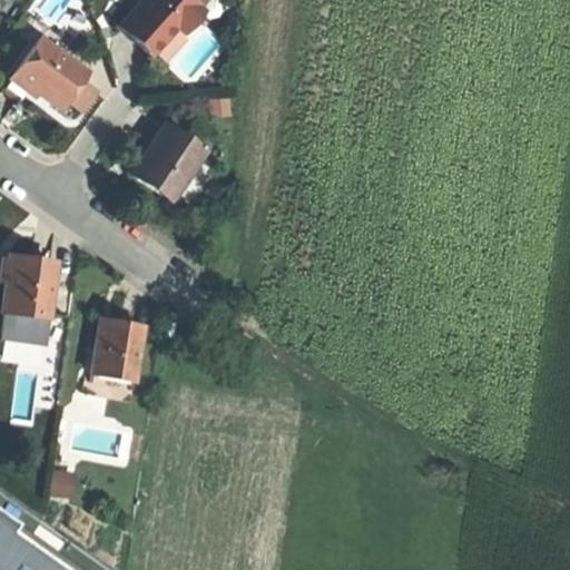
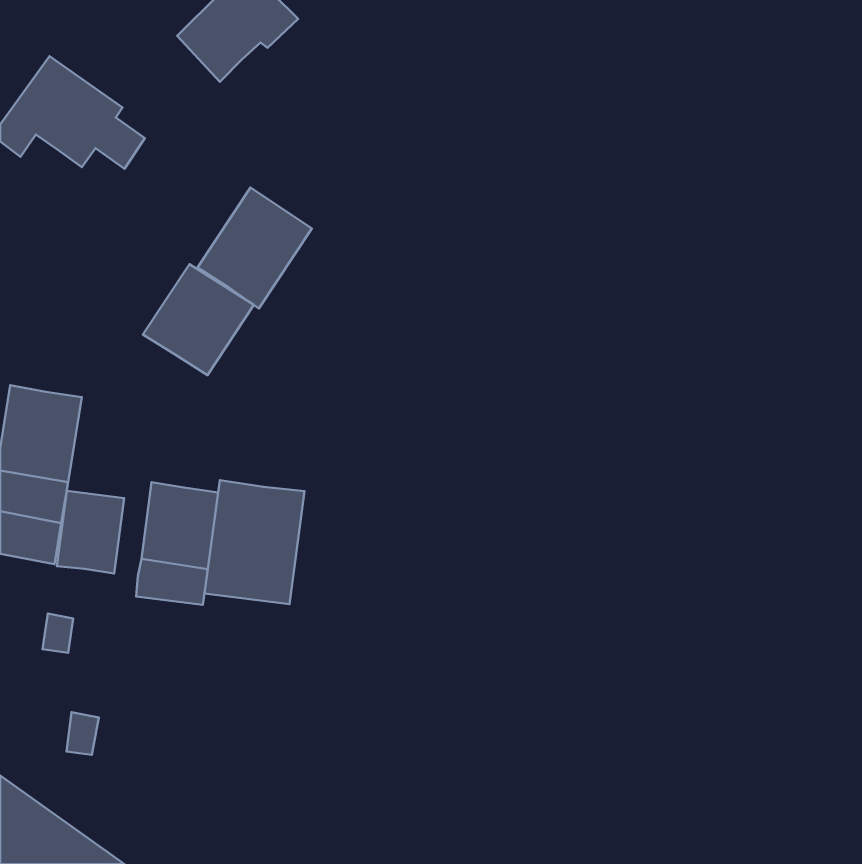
building: none -> [143,264,254,375]
building: none -> [205,480,305,604]
building: none -> [57,491,124,573]

